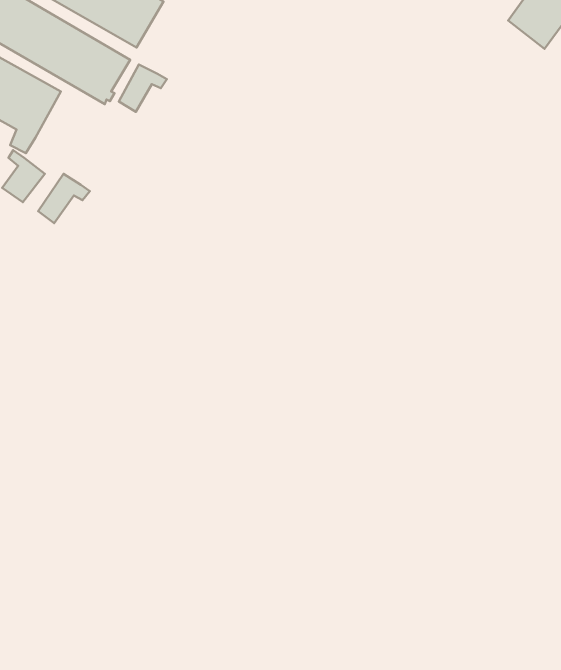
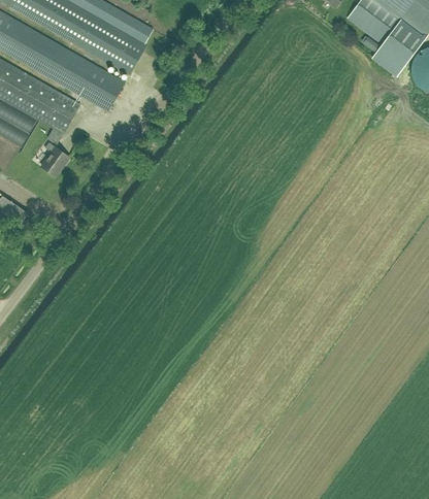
building: [119,64,167,112] -> none
building: [38,174,90,223] -> none

